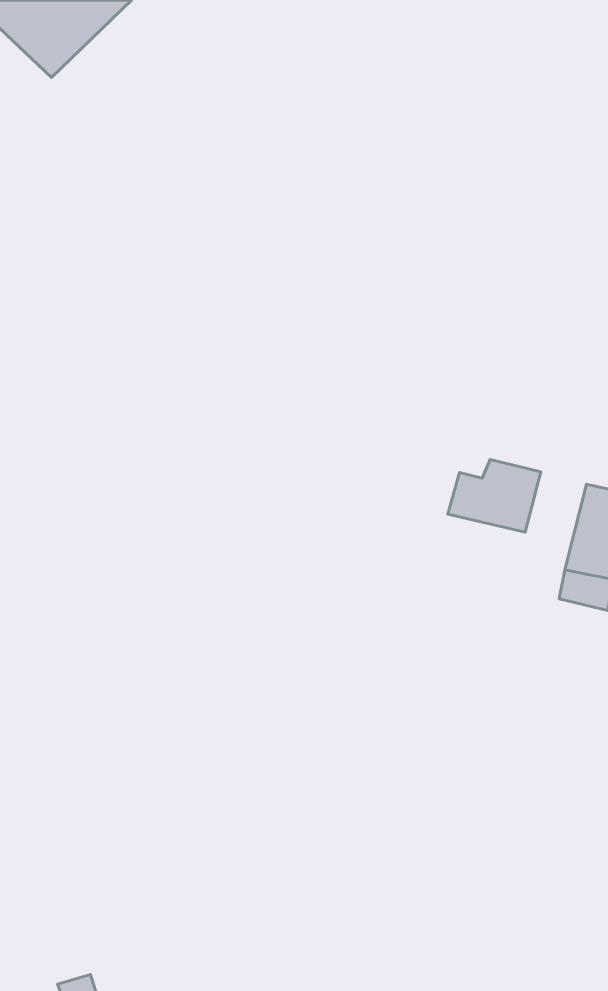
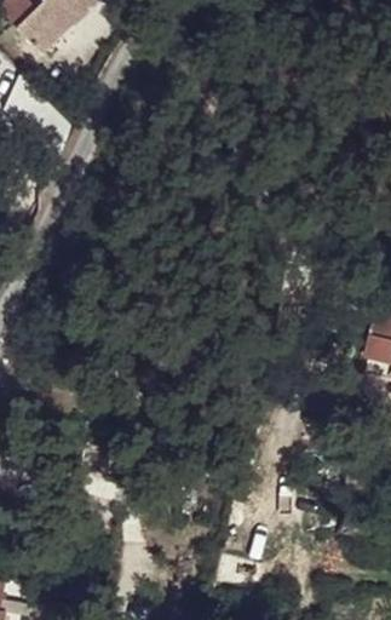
building: [448,460,541,532] -> none

